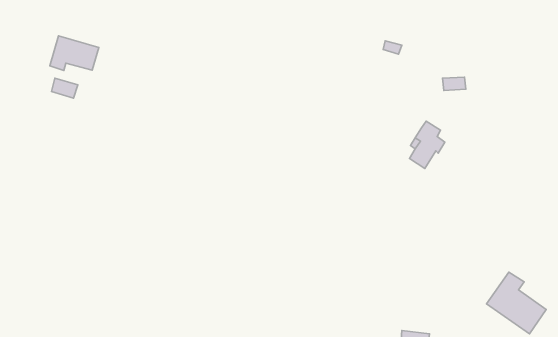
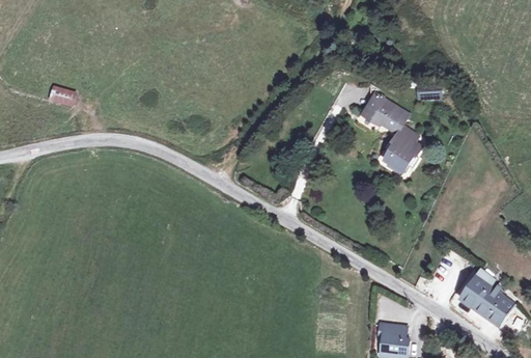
building: [50,36,99,70] -> none
building: none -> [362,92,408,133]

